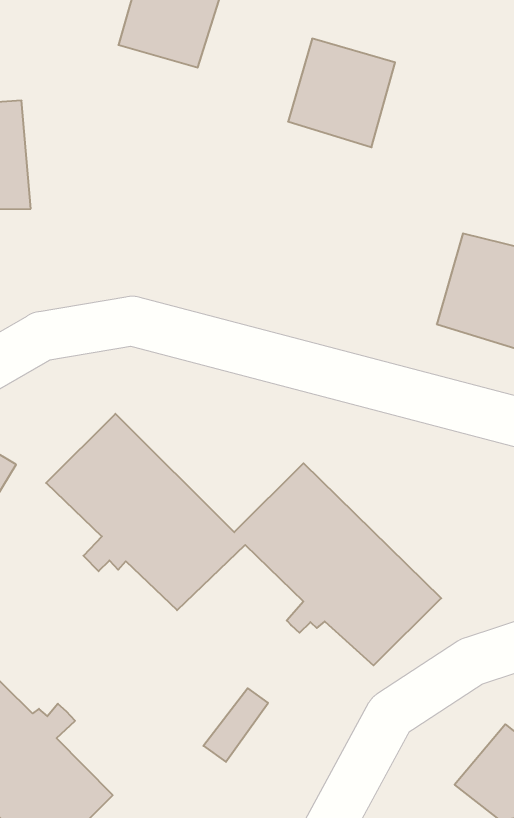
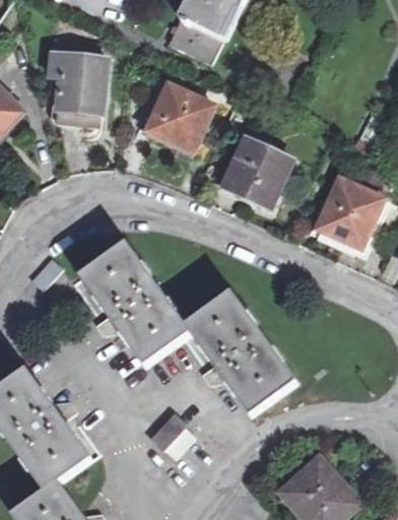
building: [288,39,395,147] -> [226,140,292,207]
building: none -> [147,86,213,147]

